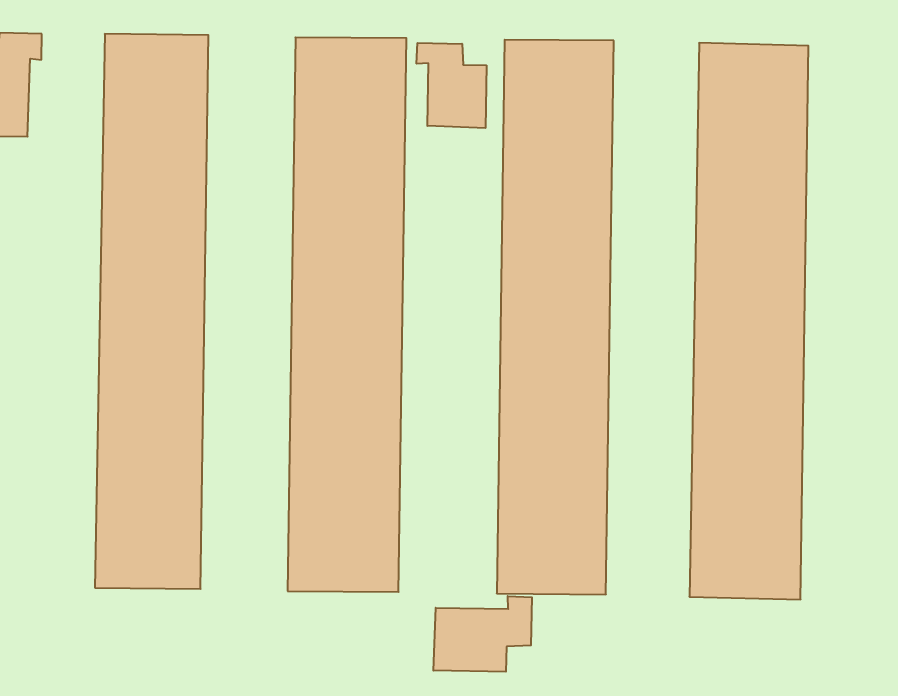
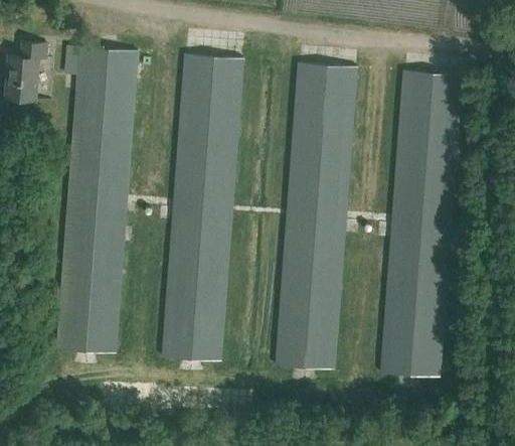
building: [417,43,486,128] -> none
building: [433,596,532,672] -> none

